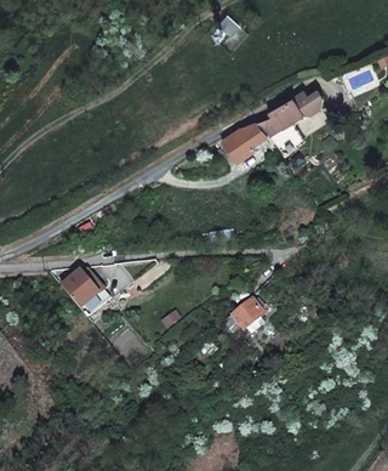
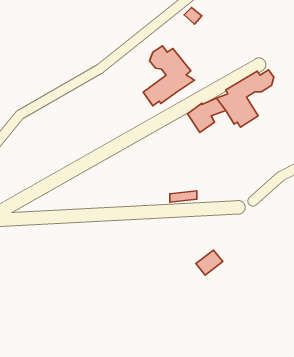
building: none -> [143,46,194,106]
building: [62,271,112,317] -> none

